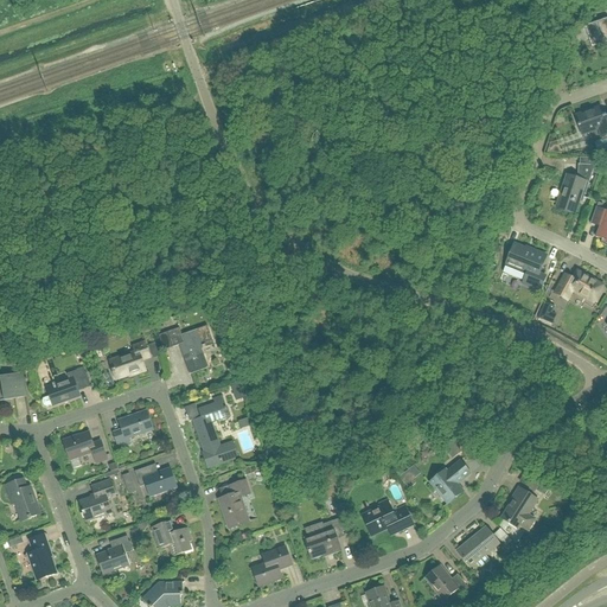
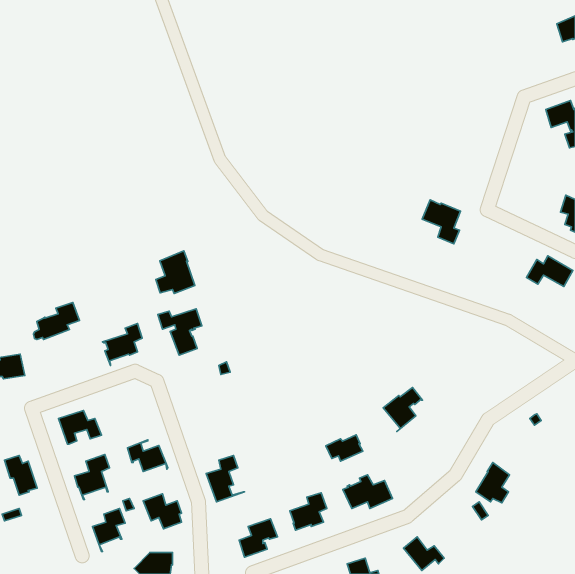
building: [555,164,594,212] -> none
building: [505,243,545,289] -> [422,200,460,244]
building: none -> [156,251,195,294]
building: [41,366,90,405] -> [33,302,80,340]
building: [192,395,238,467] -> none
building: [113,409,153,447] -> none
building: none -> [326,435,363,461]
building: [428,460,469,506] -> [383,388,423,432]
building: [456,526,497,566] -> none
building: [23,532,56,581] -> none

